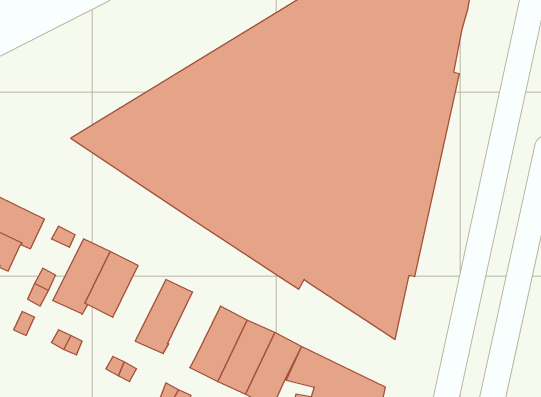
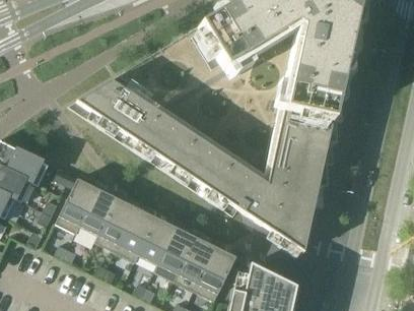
building: none -> [94,199,137,254]
building: none -> [138,219,177,266]

